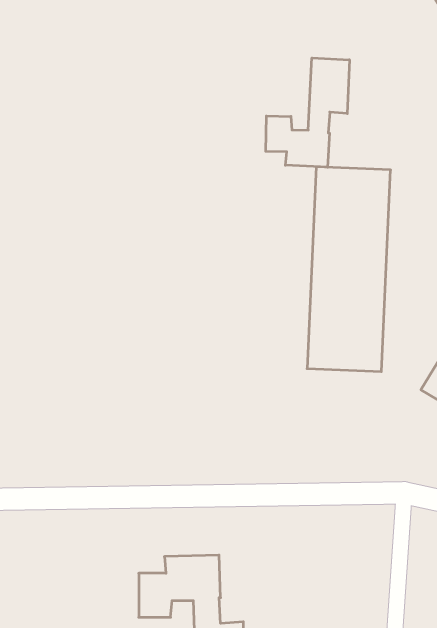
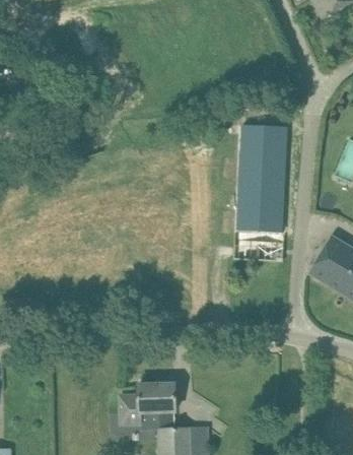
building: [266,58,349,167] -> none

